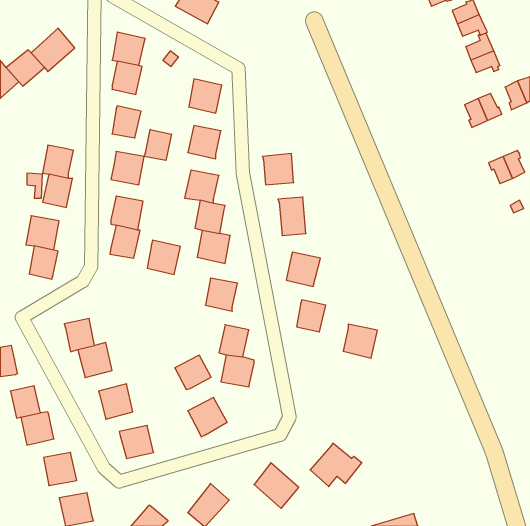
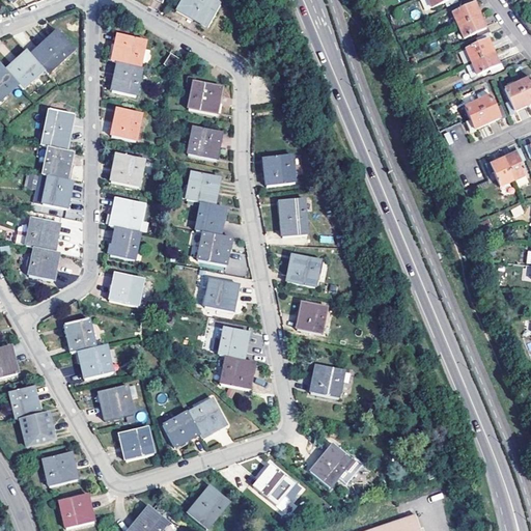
building: none -> [41,108,73,148]
building: [144,129,172,160] -> none
building: [147,240,180,274] -> [110,271,143,305]
building: [343,324,377,358] -> [310,363,344,397]
building: [175,355,211,390] -> [163,411,199,445]

